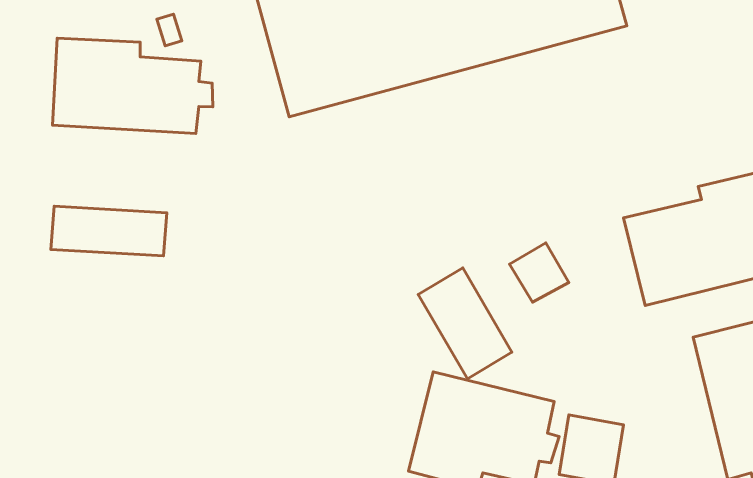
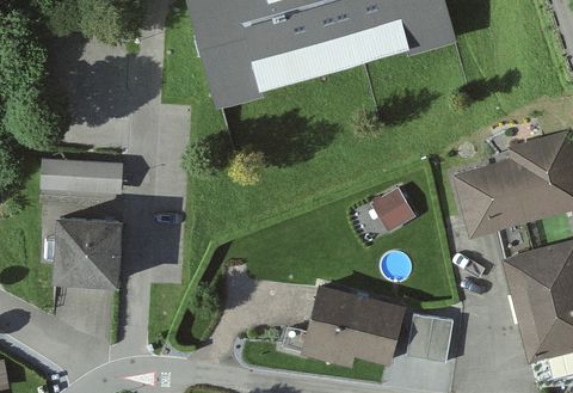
building: [53,38,213,134] -> none
building: [418,268,512,379] -> none
building: none -> [50,215,121,282]

